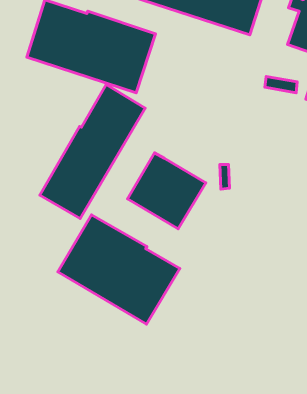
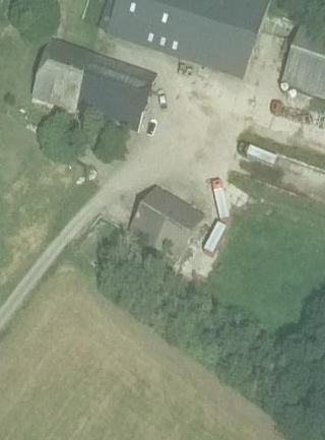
building: [40,85,145,219] -> none
building: [58,215,180,324] -> none

